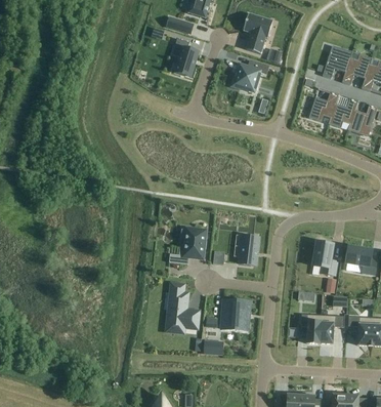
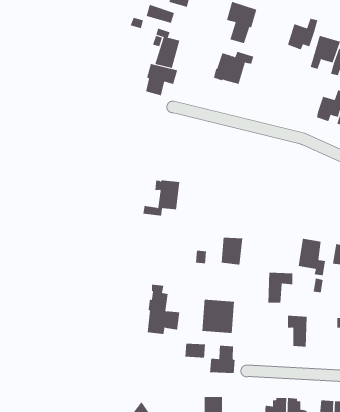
building: none -> [146,63,178,96]
building: [308,91,338,122] -> [287,18,318,50]
building: [169,229,205,263] -> [143,180,180,216]
building: [320,315,344,344] -> [267,272,293,303]
building: none -> [209,345,235,374]

